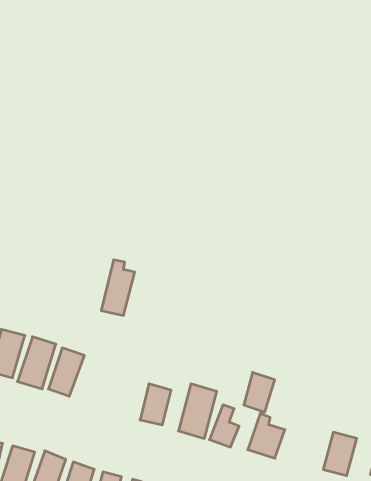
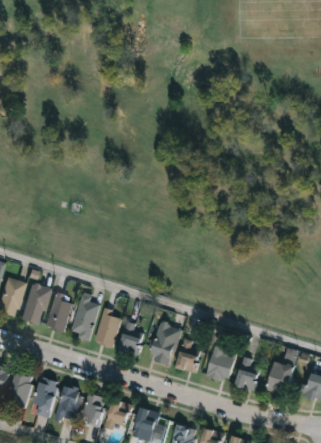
building: [101,260,135,315] -> [72,294,99,339]
building: none -> [94,308,121,347]
building: [244,372,275,412] -> [236,359,261,391]

